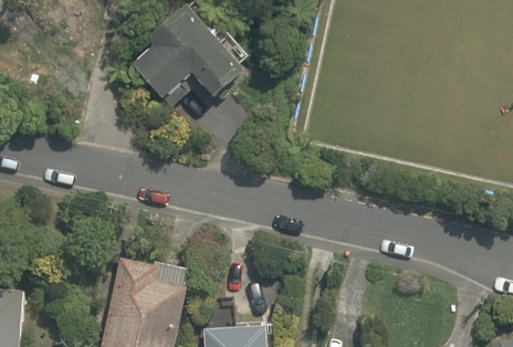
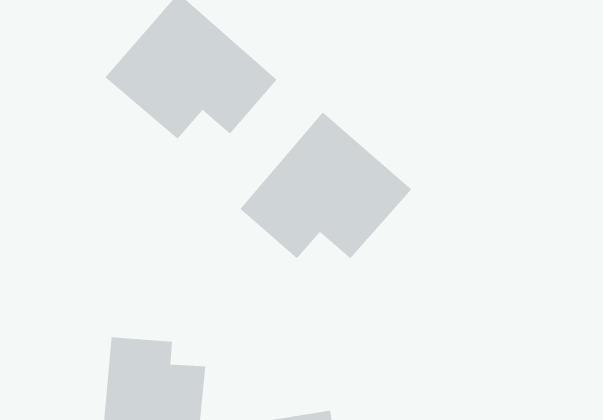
building: none -> [240,112,412,259]

